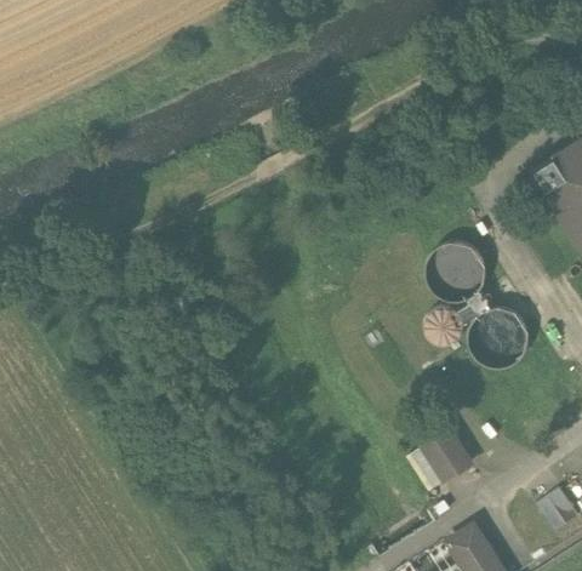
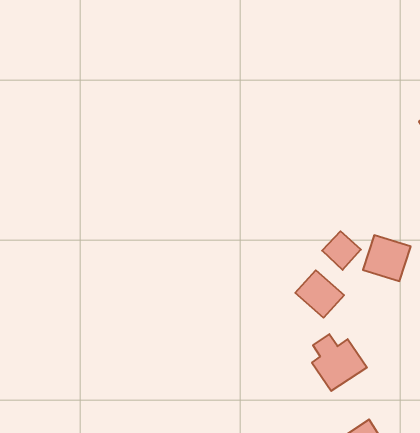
building: [433,244,477,289] -> none
building: none -> [295,270,344,318]

